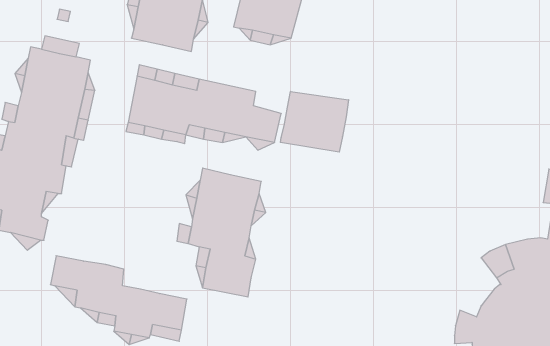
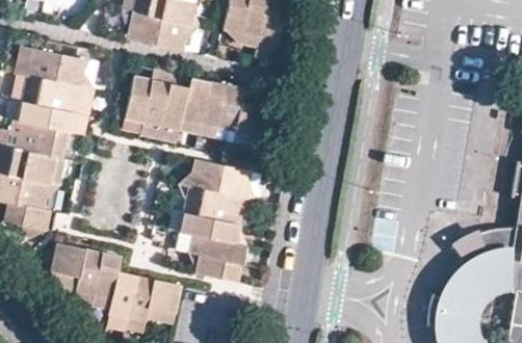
building: [280,91,349,152] -> none

